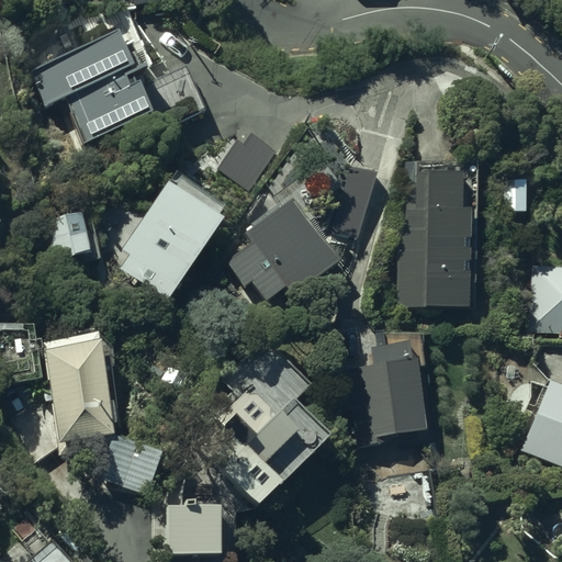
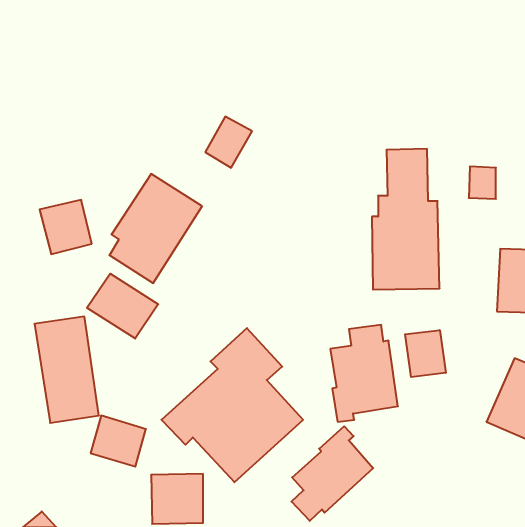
building: [37,33,149,143] -> none
building: [231,194,346,297] -> none
building: none -> [87,274,158,339]
building: none -> [405,330,446,377]
building: none -> [291,426,373,521]

